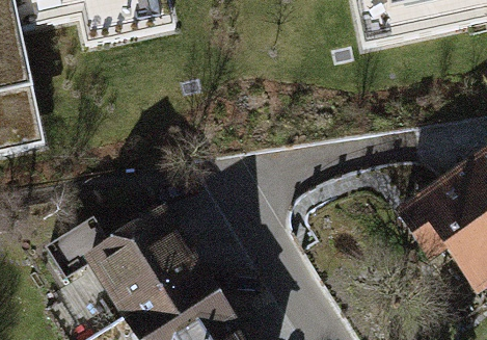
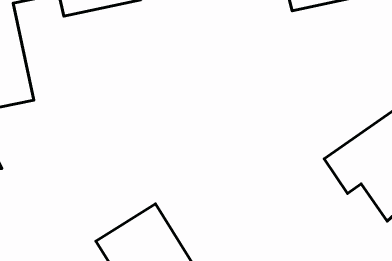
building: [46,210,195,310] -> none

